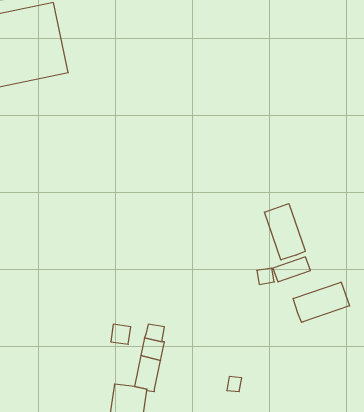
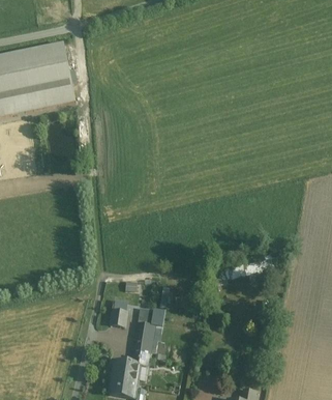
building: [264,204,305,260] -> none
building: [293,282,350,322] -> none

